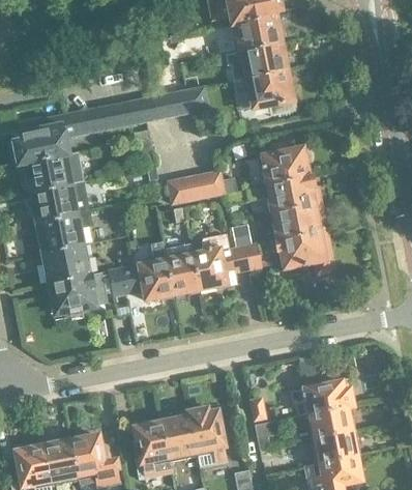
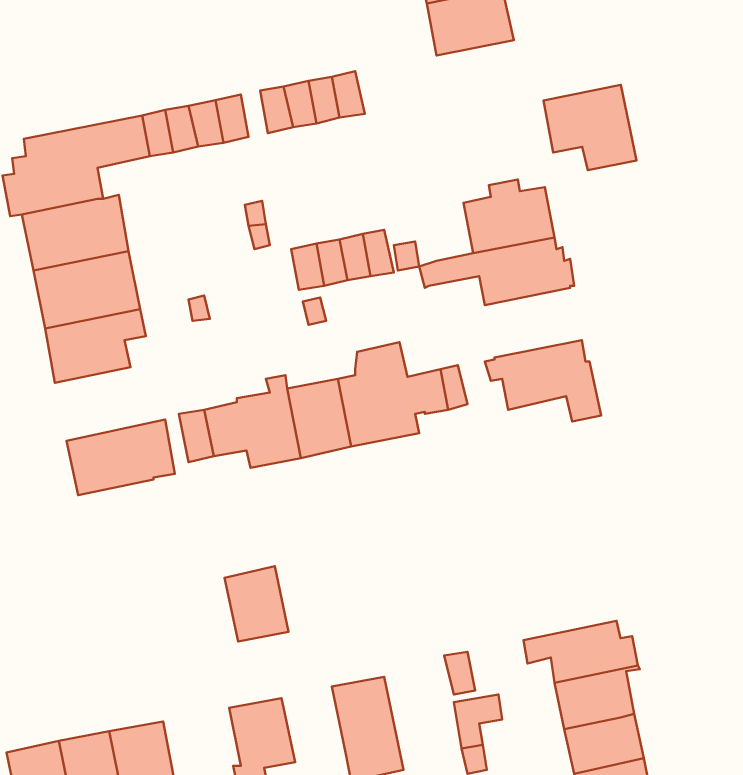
building: [246,69,296,115] -> [543,85,636,170]
building: [272,202,326,239] -> none
building: [42,244,89,284] -> none
building: [164,415,198,456] -> [224,566,288,642]

